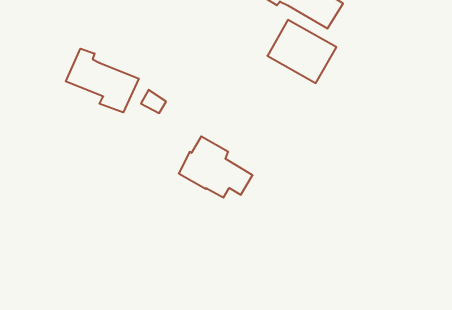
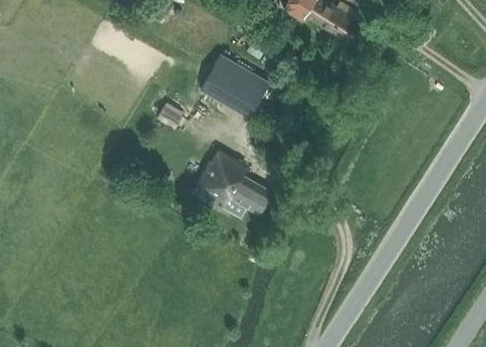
building: [267,20,336,83] -> [199,52,270,117]
building: [66,49,139,112] -> none

